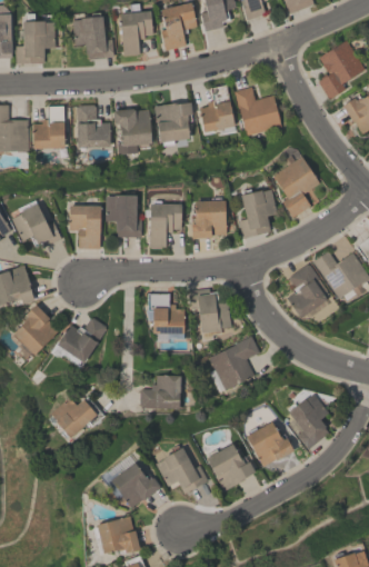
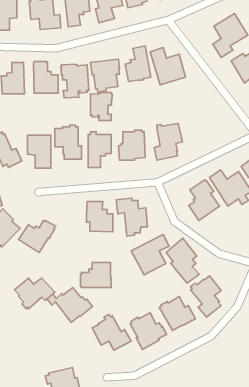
building: none -> [91,92,112,121]
building: [273,157,320,218] -> none
building: none -> [166,238,199,283]
building: [100,461,161,508] -> [47,288,93,322]

